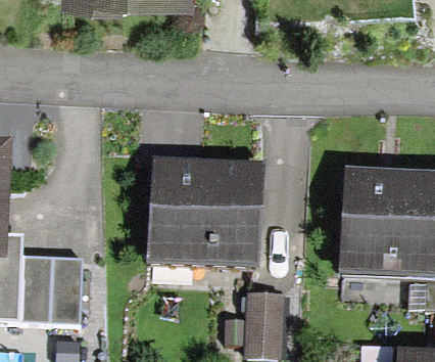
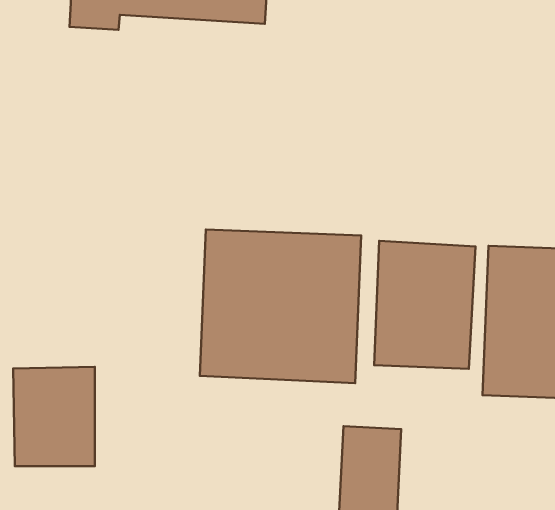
building: none -> [374,241,475,369]

